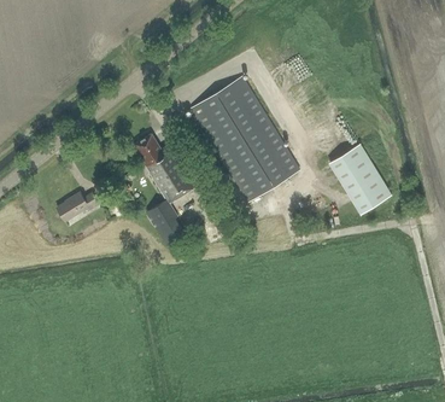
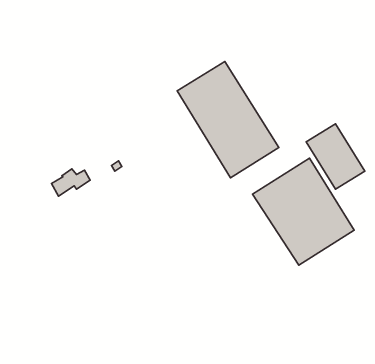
building: [133,132,195,245] -> none
building: none -> [252,158,354,265]

